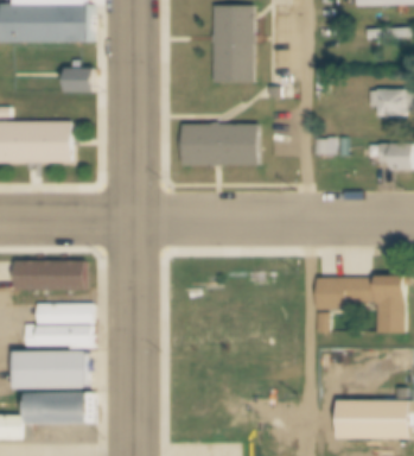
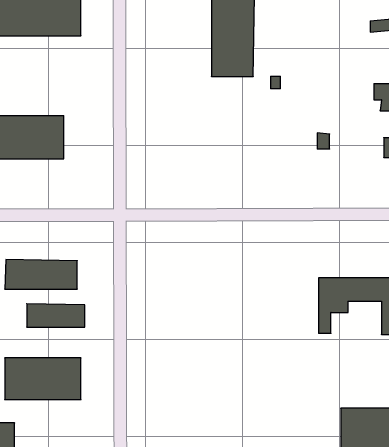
building: [64,66,91,94] -> none
building: [183,121,259,164] -> none
building: [25,324,91,347] -> none
building: [27,394,88,429] -> none

